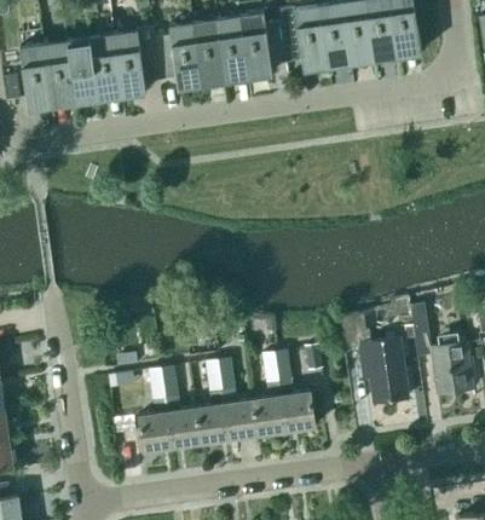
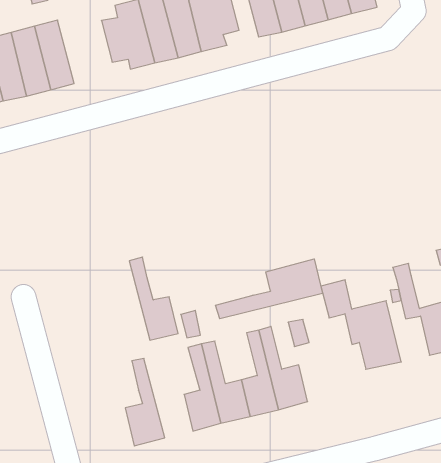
building: [111,27,160,97] -> none
building: none -> [216,259,322,319]
building: [161,366,201,447] -> [129,257,178,340]

